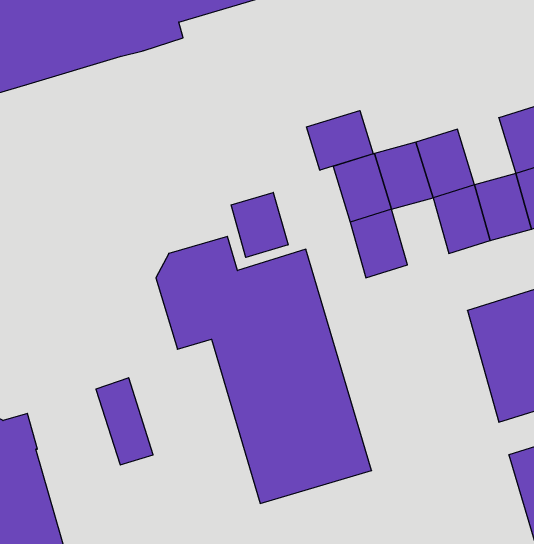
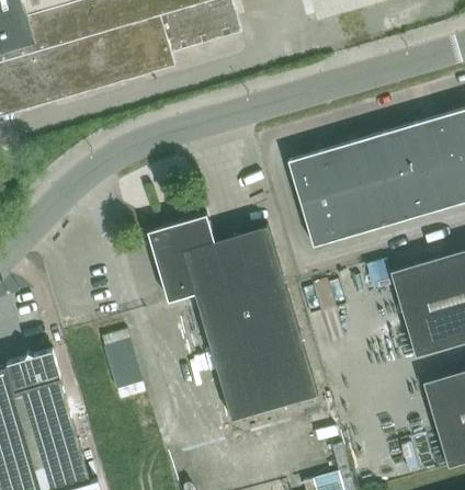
building: [307,111,373,170] -> none
building: none -> [383,125,428,176]
building: [231,192,288,257] -> none
building: none -> [332,186,376,238]

